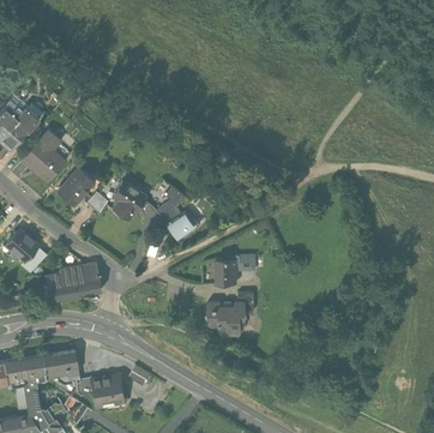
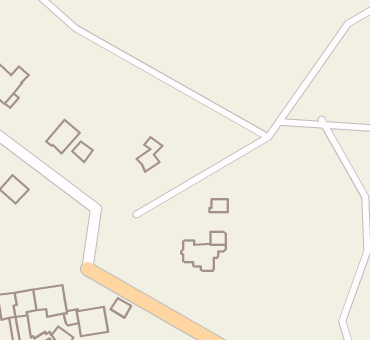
building: [22,130,65,180] -> none
building: [111,180,146,219] -> none
building: [165,211,200,240] -> none
building: [216,254,239,282] -> none
building: [43,261,101,299] -> none

